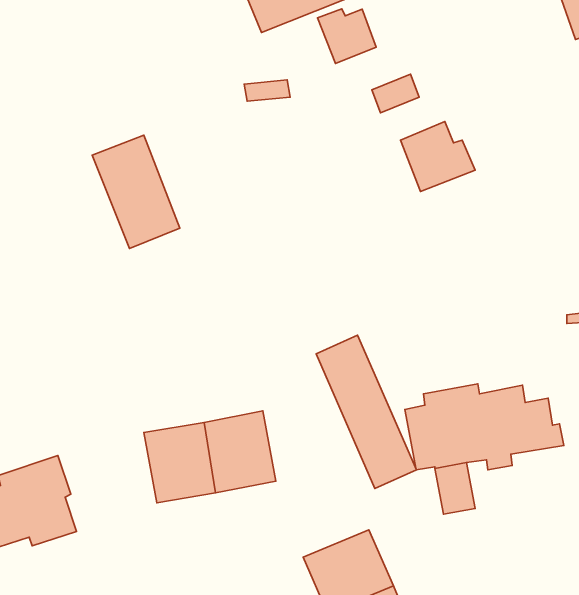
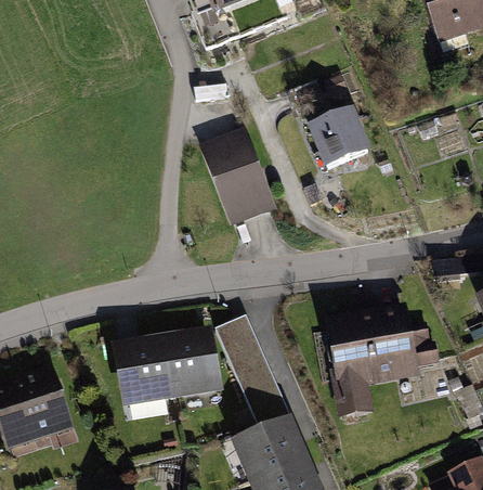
building: [317,9,376,64] -> none
building: [92,135,180,248] -> [205,133,271,219]
building: [316,335,416,489] -> [216,314,291,430]

